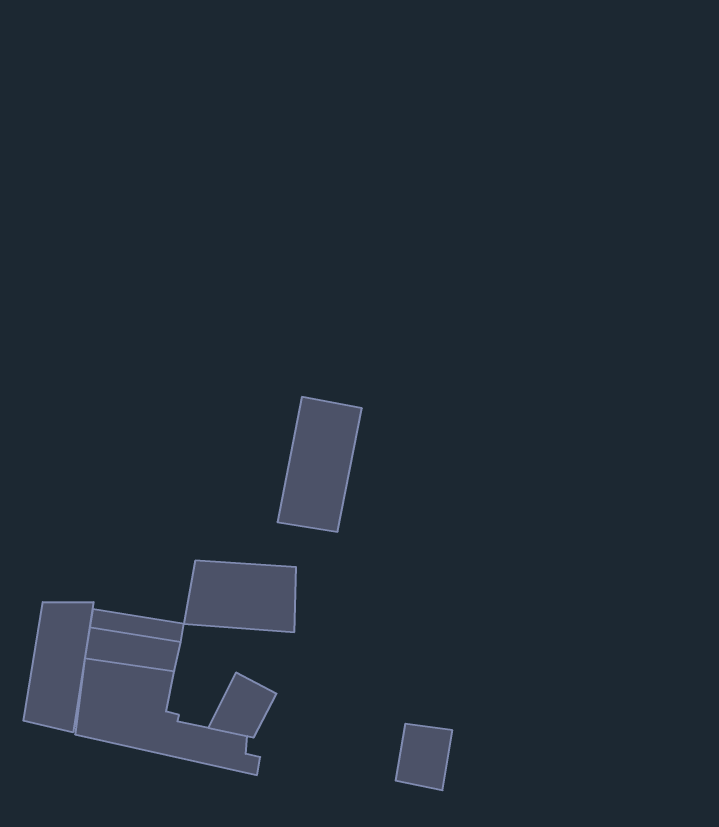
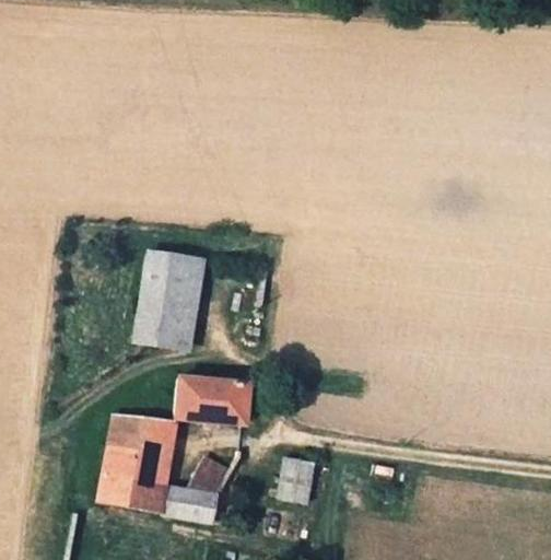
building: [277,397,362,532] -> [136,253,192,343]
building: [23,602,94,732] -> none
building: [396,724,452,790] -> [278,460,316,505]

